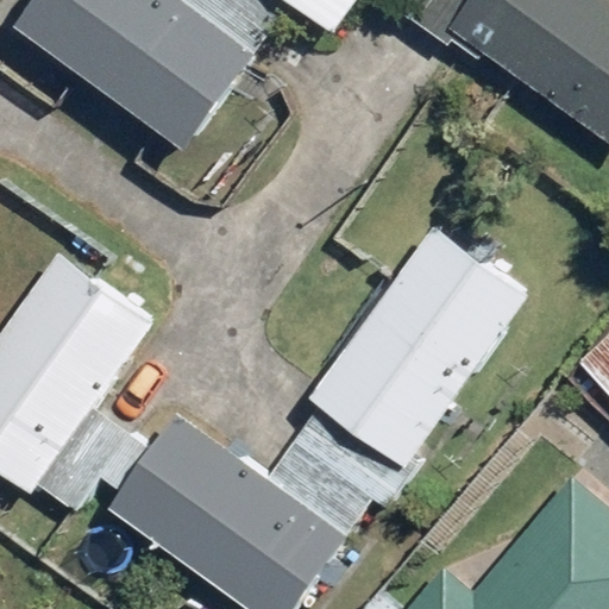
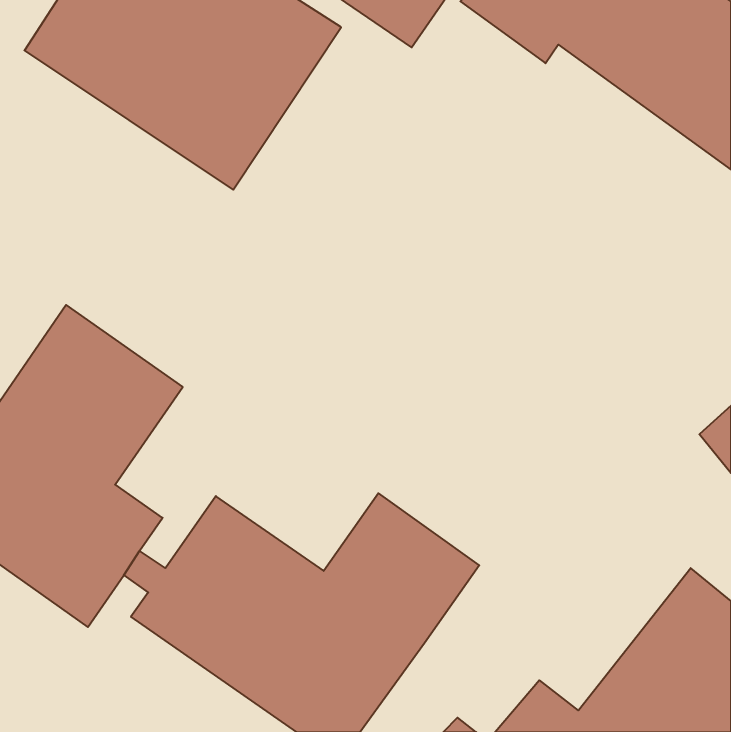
building: [314,231,530,466] -> none

